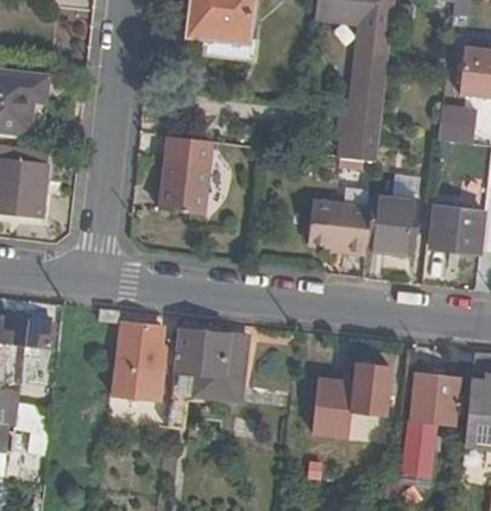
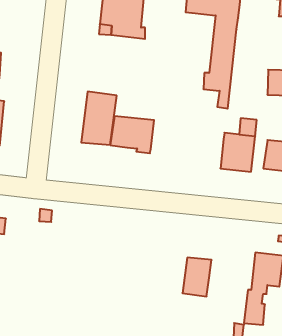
building: [307,201,371,255] -> [110,116,154,153]
building: [114,324,164,397] -> none
building: [166,334,245,428] -> none
building: [350,361,389,414] -> none

